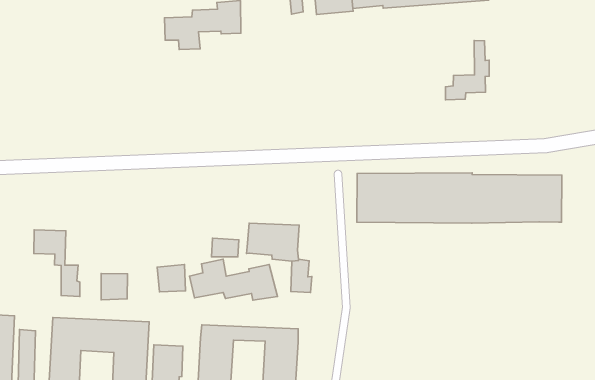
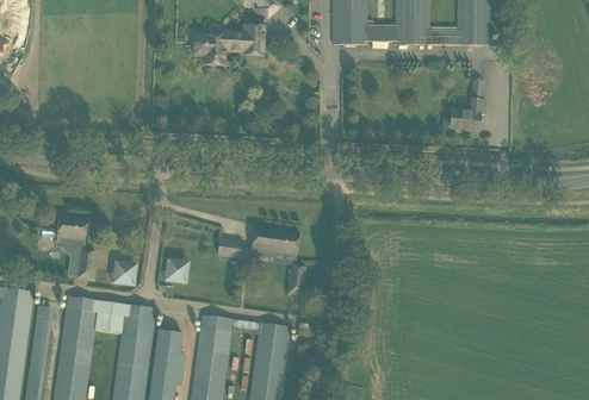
building: [357,173,562,223] -> none
building: [189,259,278,300] -> none

